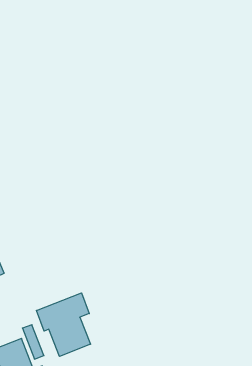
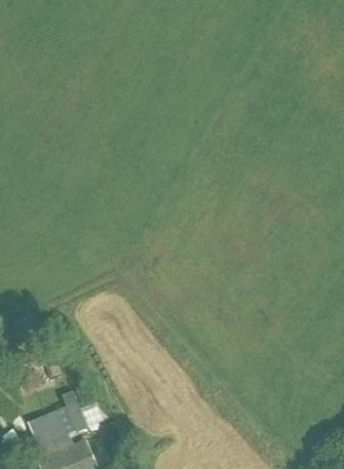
building: [36,293,91,356] -> none

